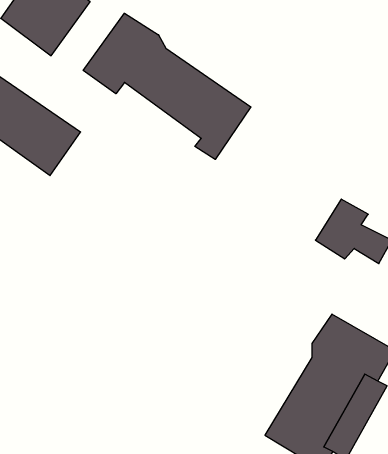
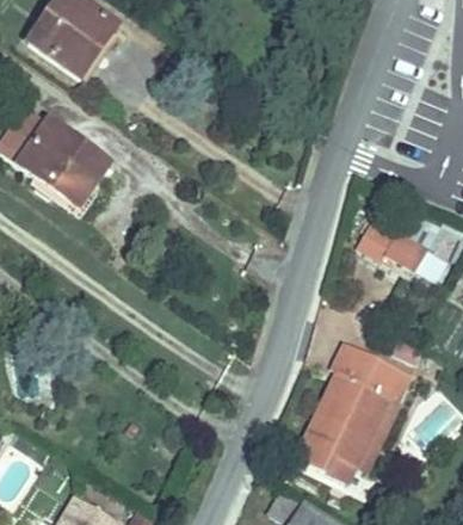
building: [83,13,251,159] -> none

